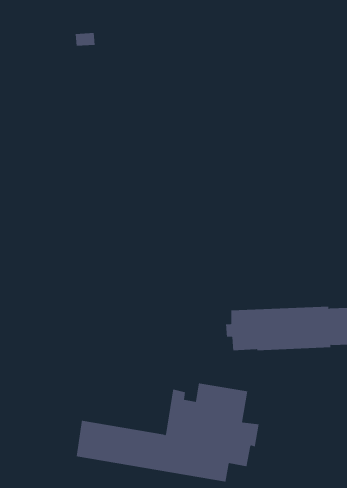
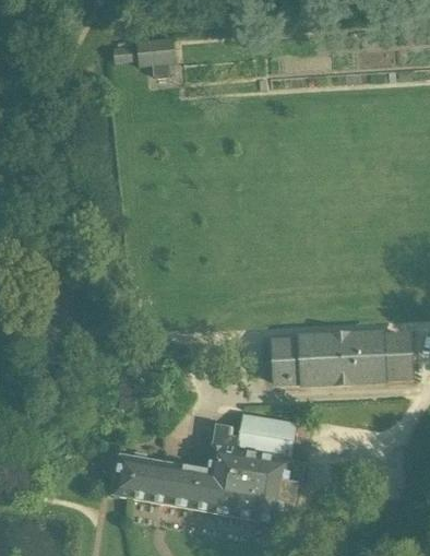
building: none -> [135,43,175,76]

